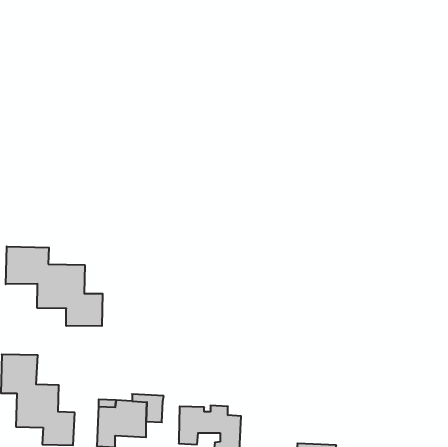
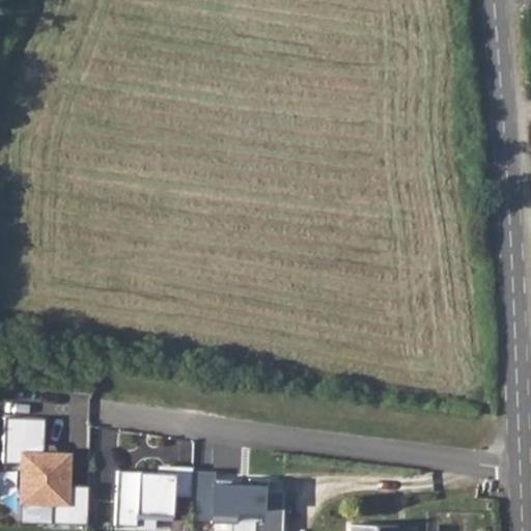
building: [6,246,103,326] -> none
building: none -> [192,476,214,521]

